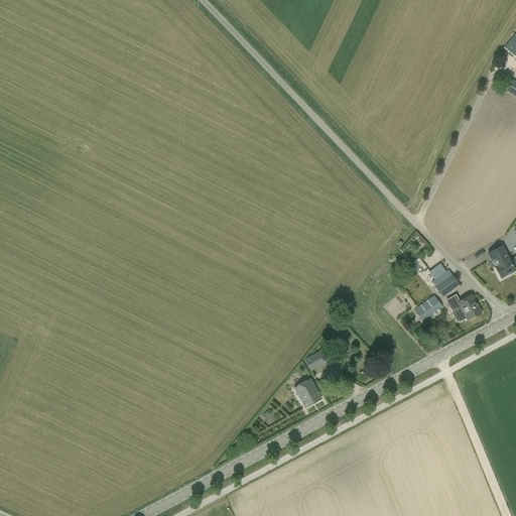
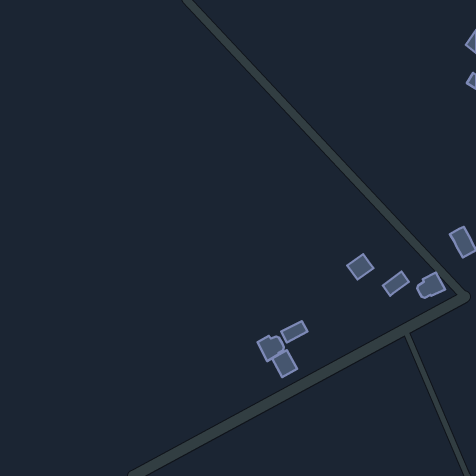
building: [431,269,460,296] -> [347,254,373,279]
building: none -> [258,336,284,361]

